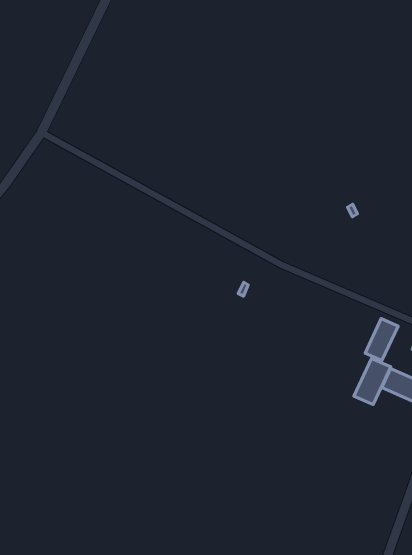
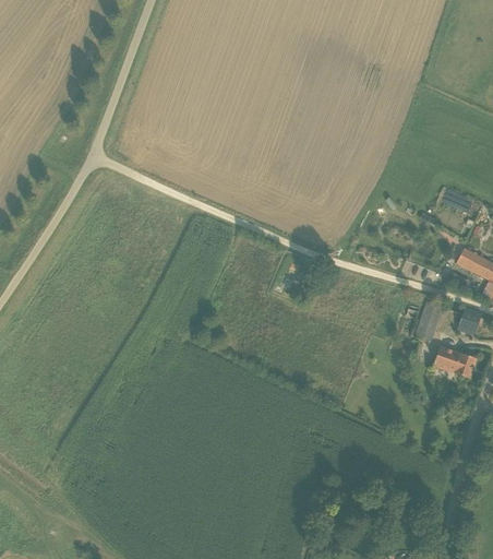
building: [354,358,391,405] -> none

